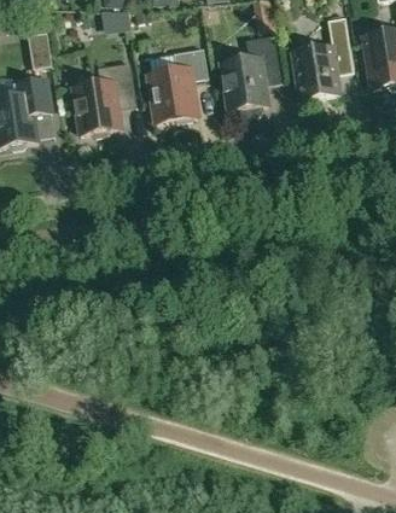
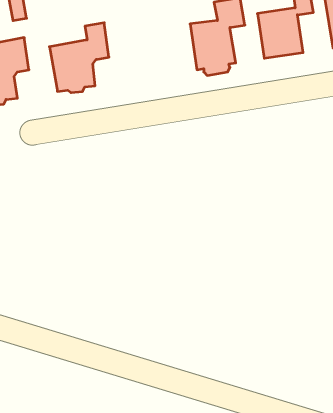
building: [148,46,208,121] -> none

